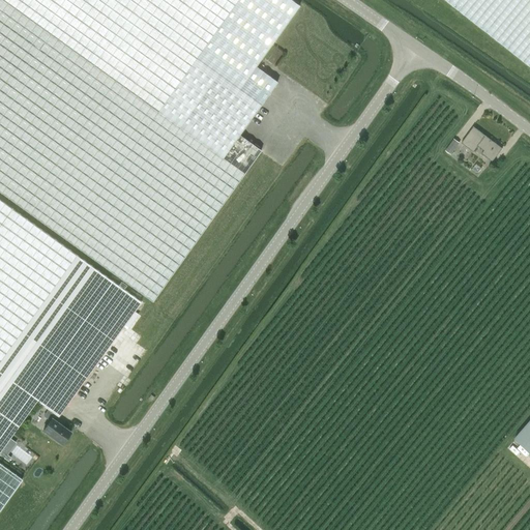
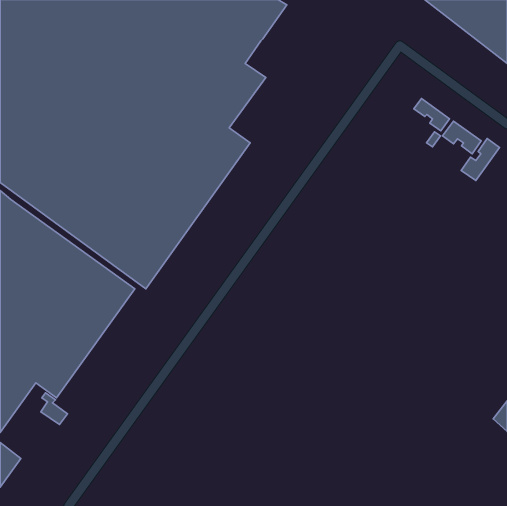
building: none -> [414,99,449,131]
building: none -> [461,138,500,181]

